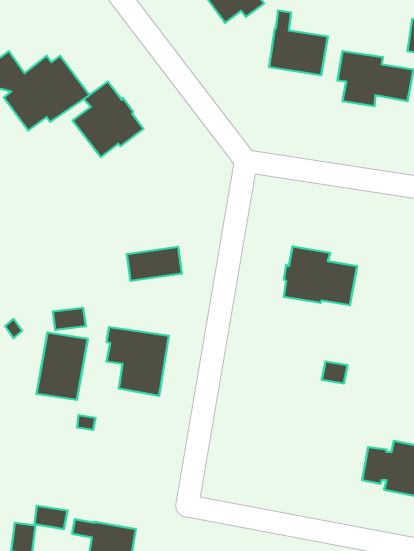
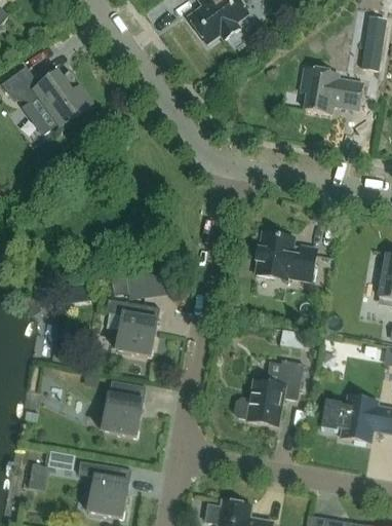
building: [269,10,328,75] -> none
building: [73,82,143,157] -> none
building: [127,247,182,281] -> [122,269,168,298]
building: [37,333,88,400] -> [103,381,146,438]
building: none -> [232,360,304,426]

